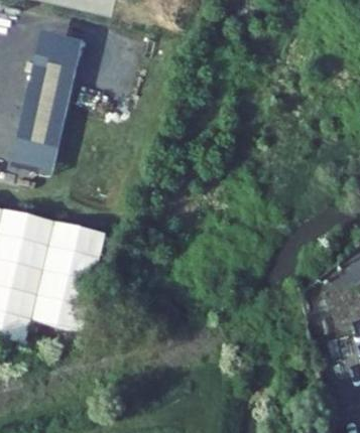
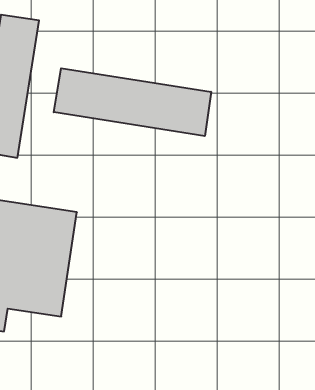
building: none -> [54,68,211,136]

